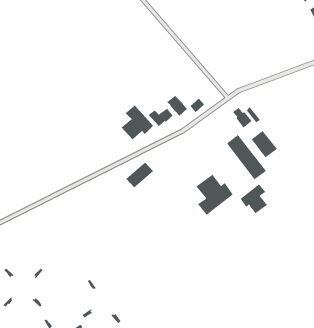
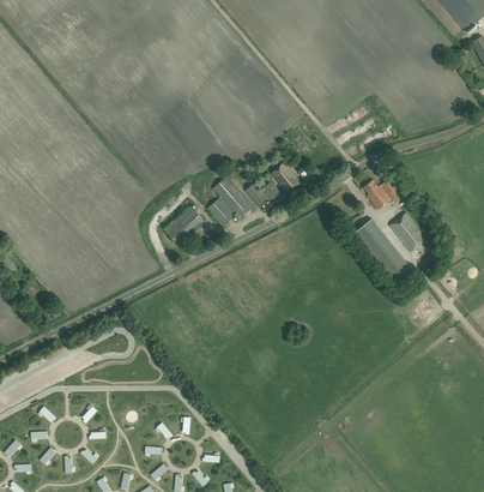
building: [126,162,154,188] -> [164,205,204,242]
building: [195,174,234,216] -> none
building: [240,183,268,214] -> none

